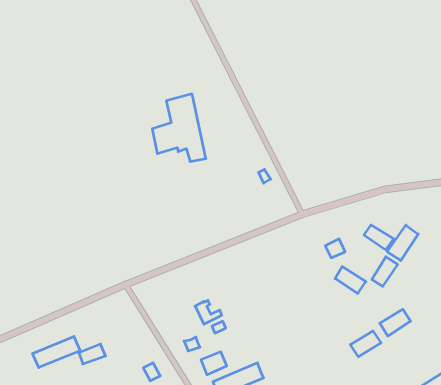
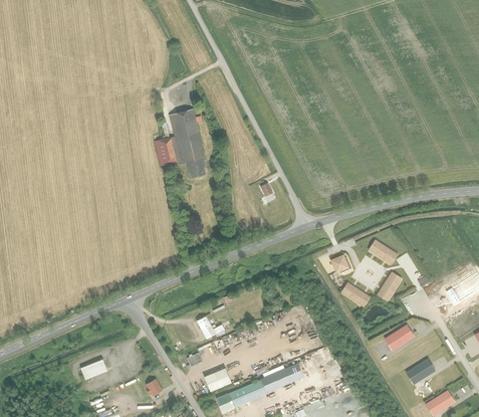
building: [387,225,418,261] -> none
building: [350,331,381,357] -> [405,359,436,385]
building: [33,336,80,368] -> none
building: none -> [261,363,303,392]

